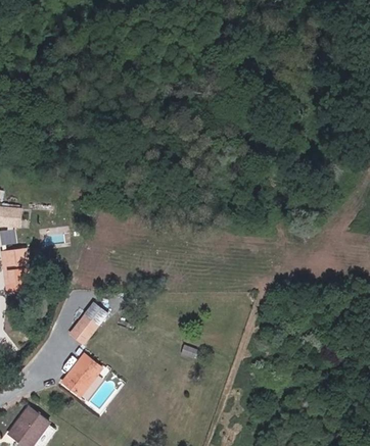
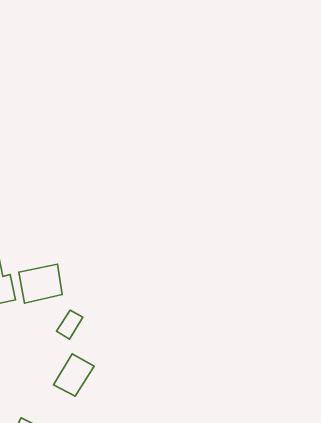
building: none -> [19,264,62,303]

